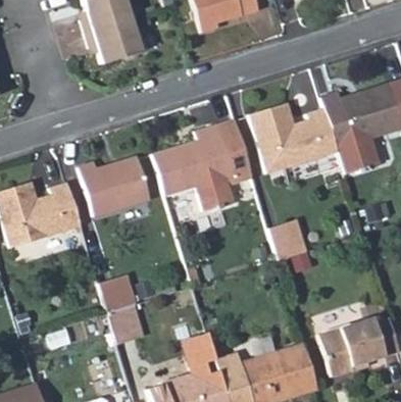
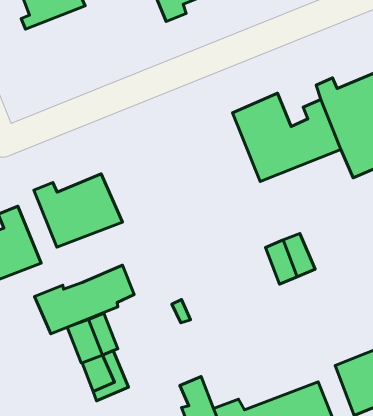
building: [84,15,144,64] -> none
building: [152,119,252,211] -> none
building: none -> [34,265,134,334]

